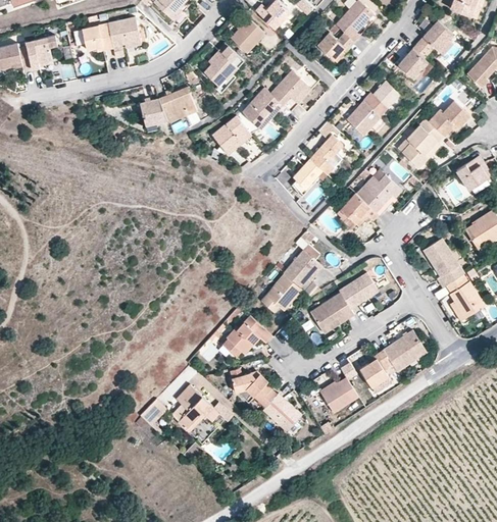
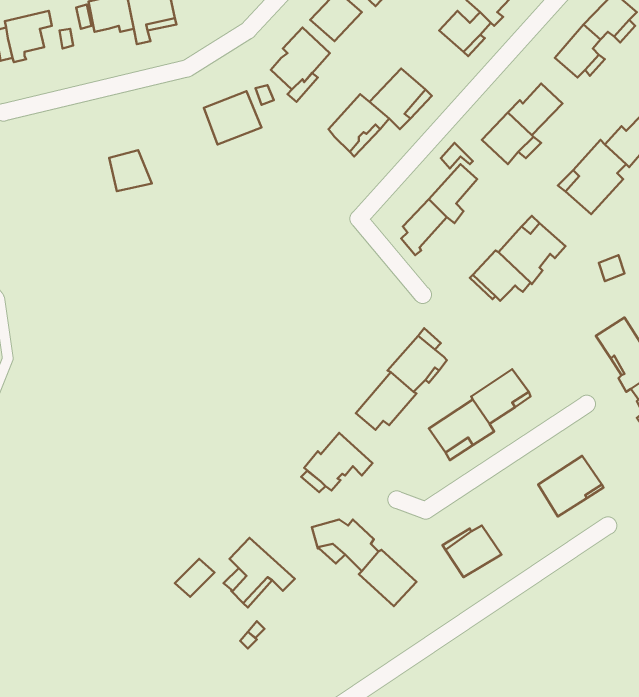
building: [140,97,168,124] -> [109,150,152,191]
building: [212,115,252,154] -> none
building: [360,350,397,394] -> none

